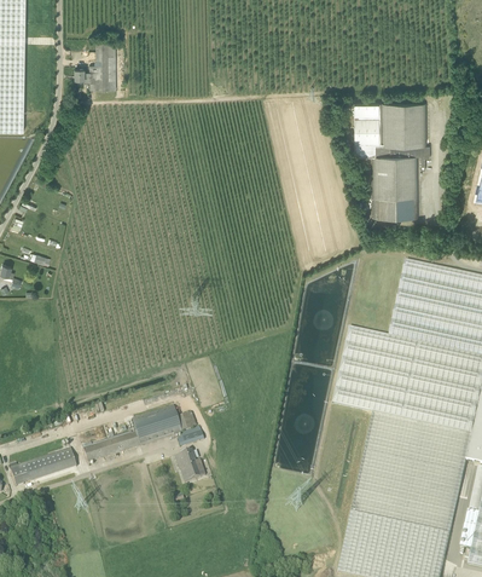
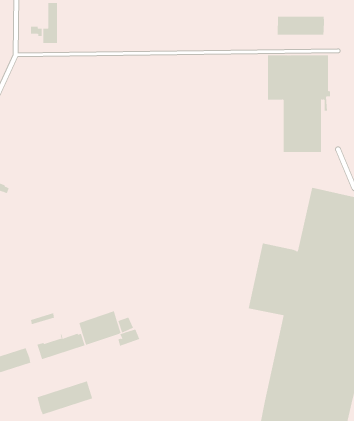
building: none -> [277,16,325,36]
building: [174,450,205,483] -> none
building: none -> [37,381,93,415]

